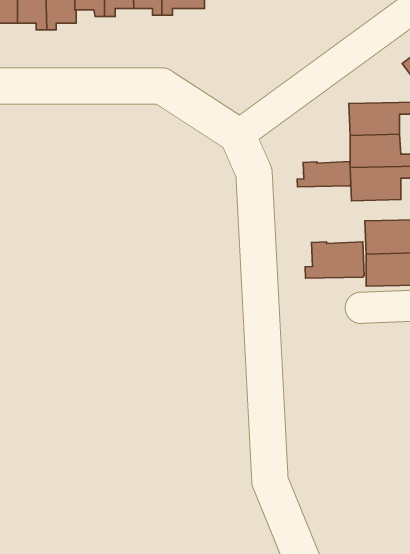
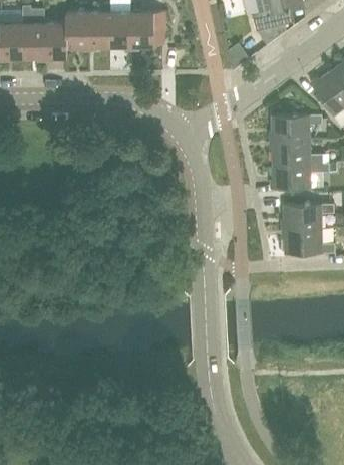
building: [297,162,351,187] -> none
building: [305,242,364,278] -> none

